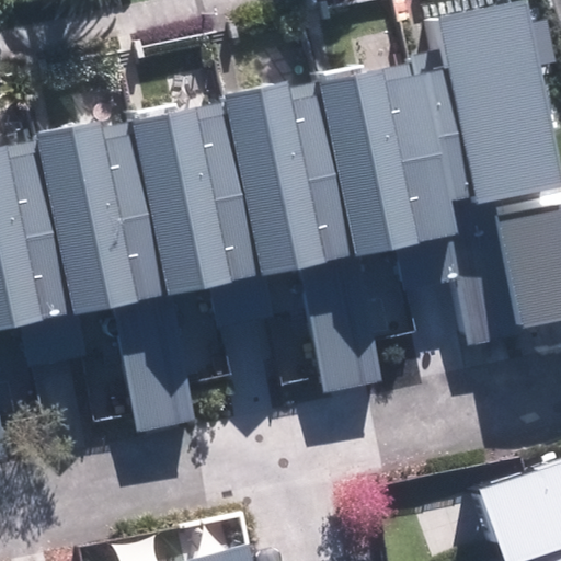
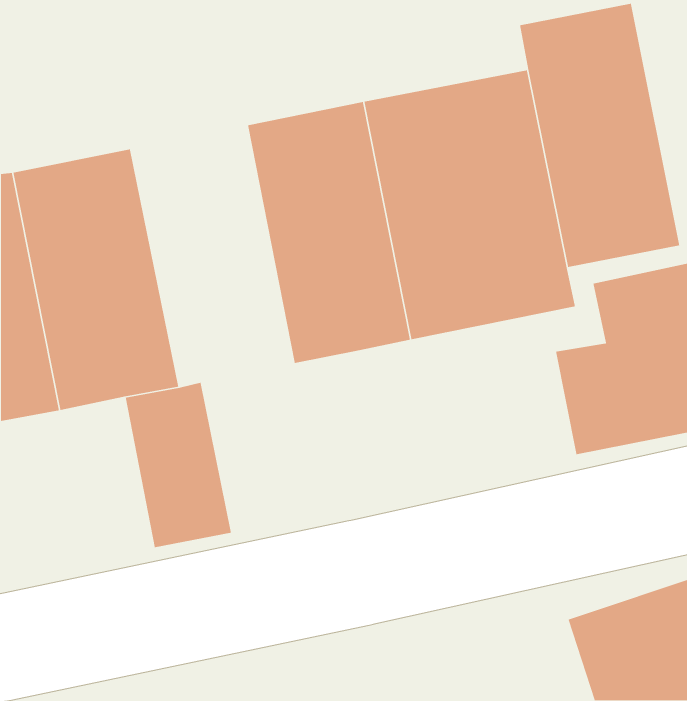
building: [121,99,250,306] -> none
building: [300,263,393,393] -> none

